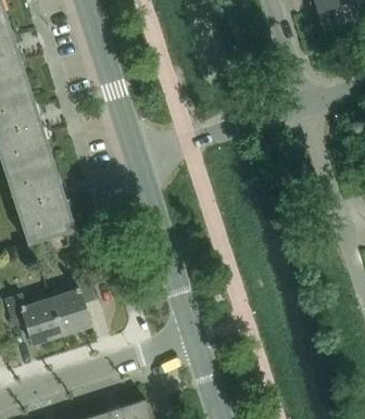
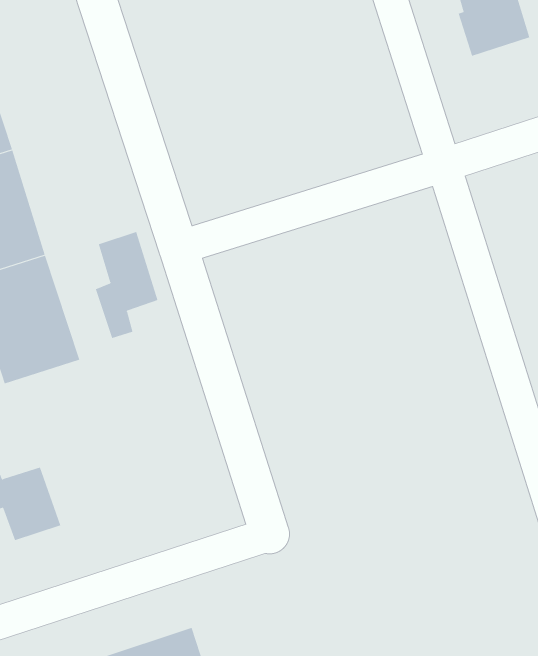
building: none -> [95,231,158,339]
building: [50,271,97,333] -> none

